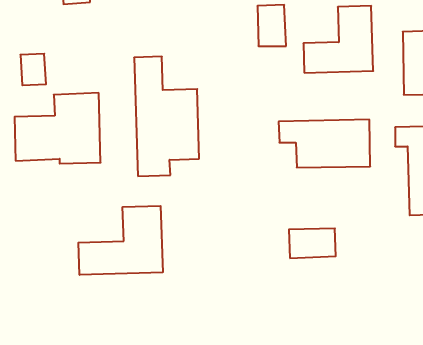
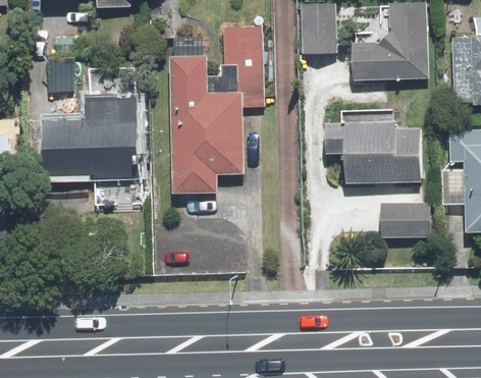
building: none -> [224,24,263,102]
building: [78,206,163,275] -> none
building: [289,228,336,258] -> [380,204,430,235]

